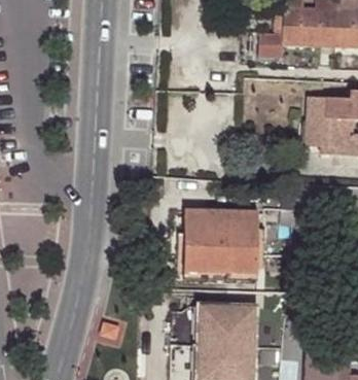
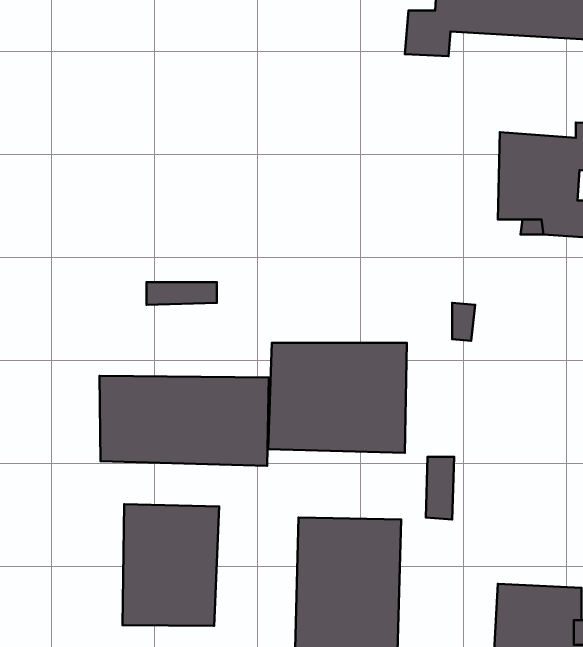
building: none -> [100,376,269,466]
building: none -> [122,504,219,626]

